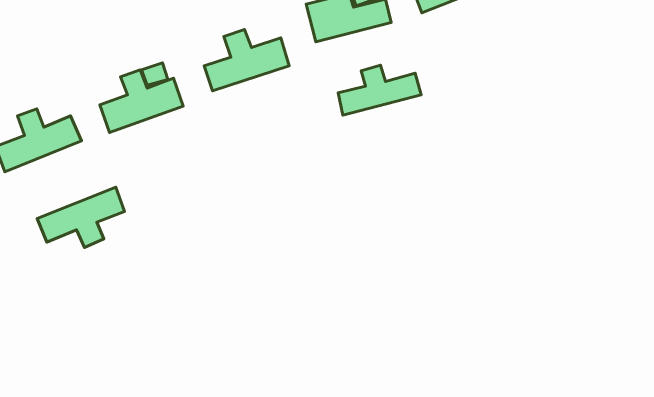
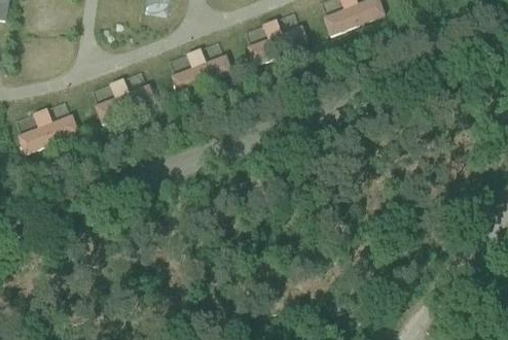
building: [338,65,421,115] -> none
building: [37,187,124,248] -> none

